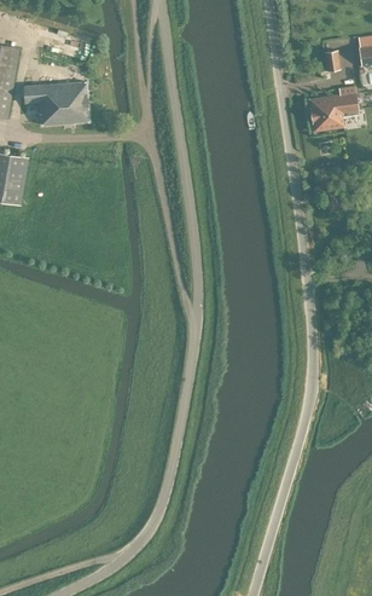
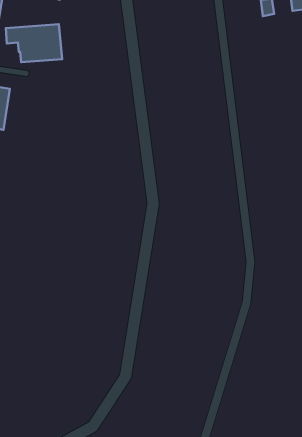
building: [308,85,358,131] -> none

